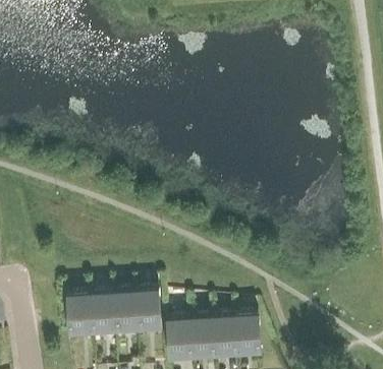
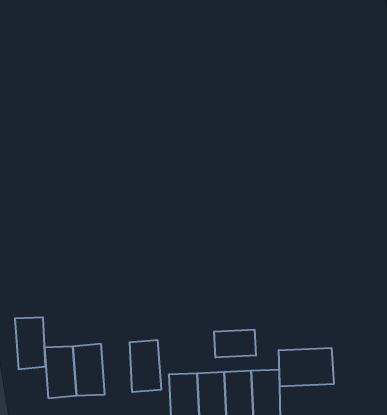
building: none -> [214,330,256,358]
building: [113,291,139,333] -> [15,317,46,369]
building: none -> [279,348,334,386]

